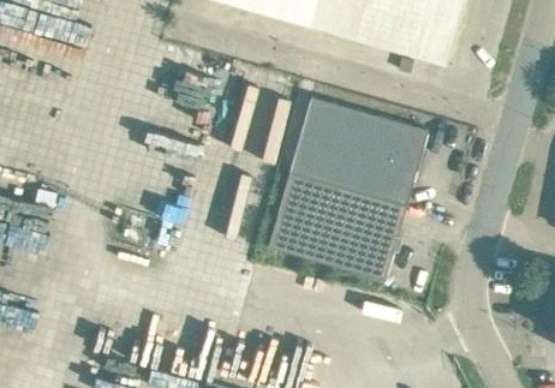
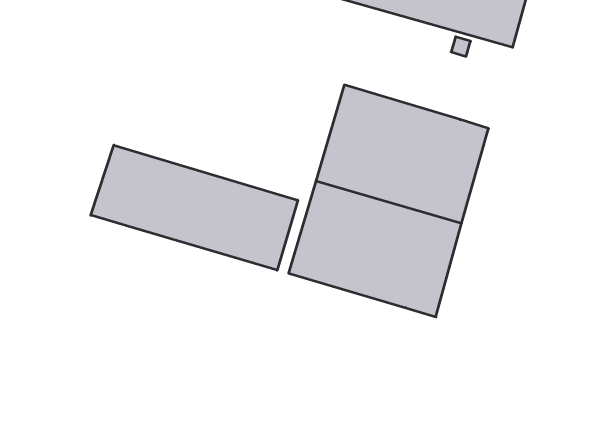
building: none -> [91,145,298,270]

